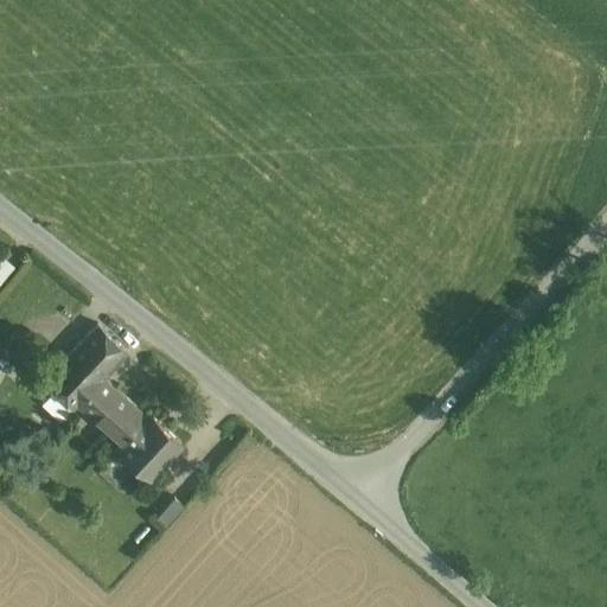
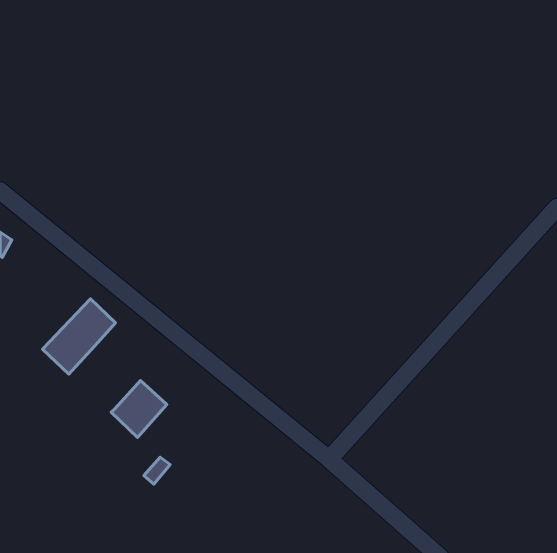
building: [78,381,149,449] -> none

